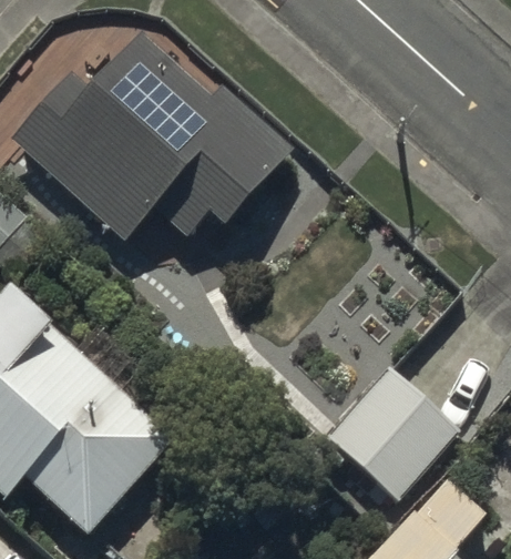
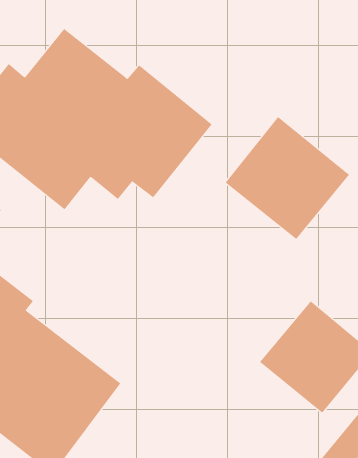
building: none -> [225,116,350,240]

